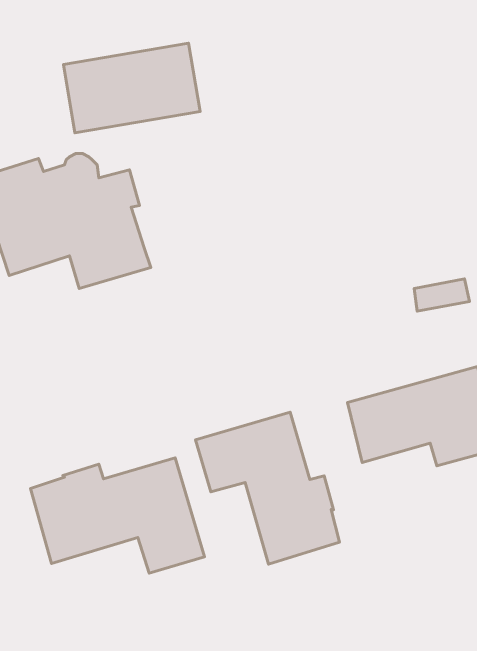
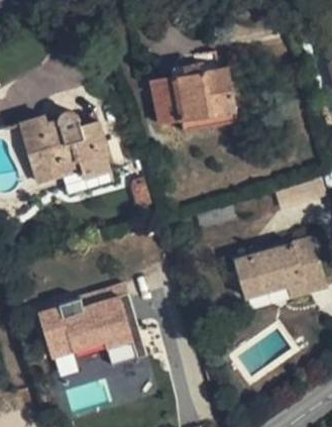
building: [63,43,200,133] -> [151,69,236,124]
building: [195,412,340,564] -> none

